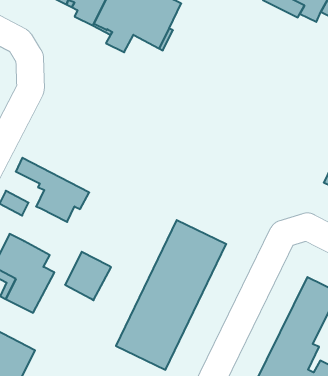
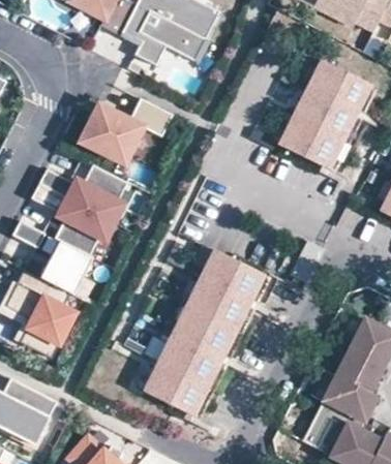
building: none -> [278,60,375,174]
building: none -> [79,98,173,164]
building: none -> [40,165,128,223]
building: [65,252,111,300] -> [42,241,94,296]

